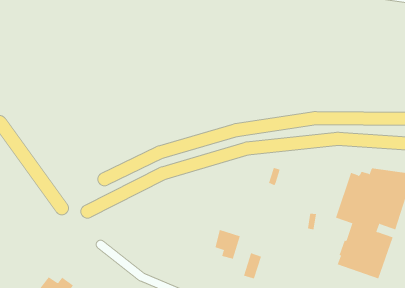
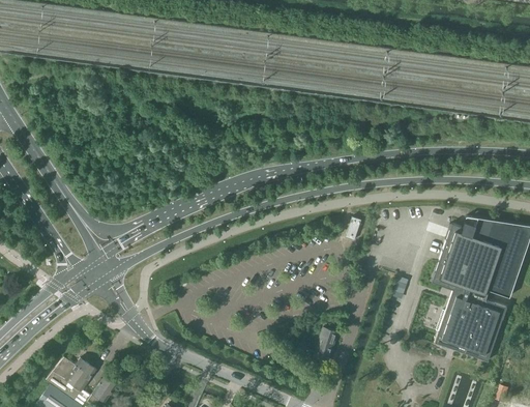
building: [215,229,241,260] -> none

